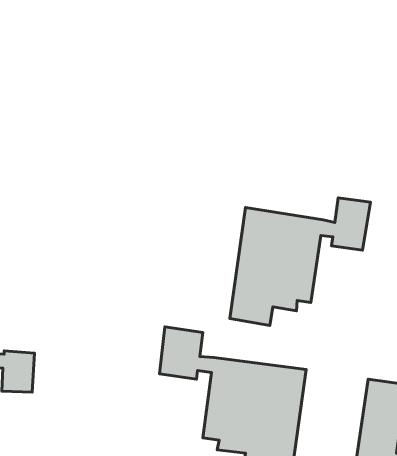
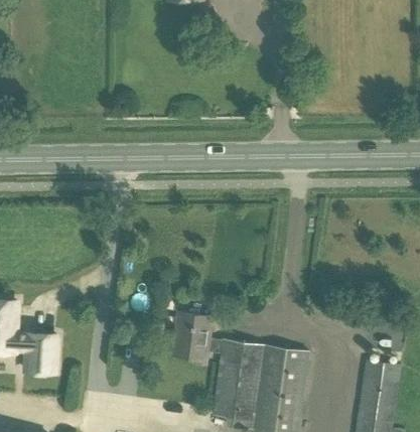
building: [230,198,370,326] -> none

